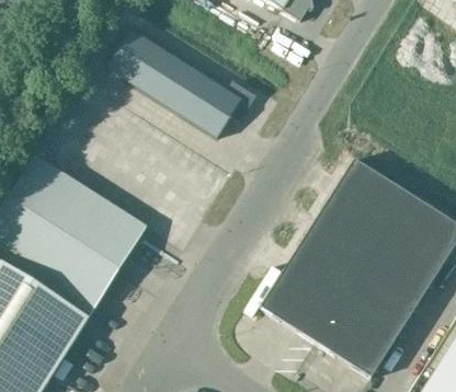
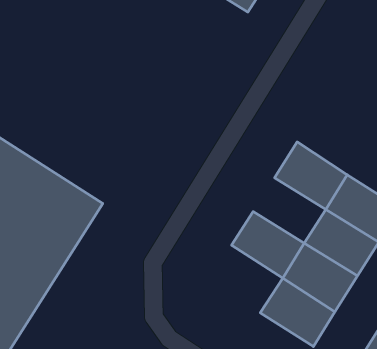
building: [106,27,255,136] -> none
building: [307,197,385,267] -> none
building: [260,269,339,342] -> none

